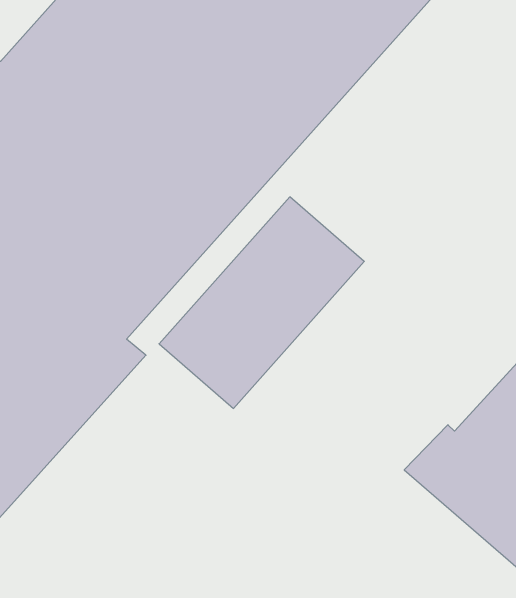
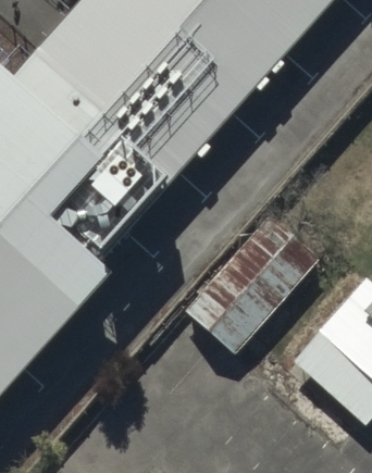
building: [159,197,364,408] -> [183,212,321,354]

